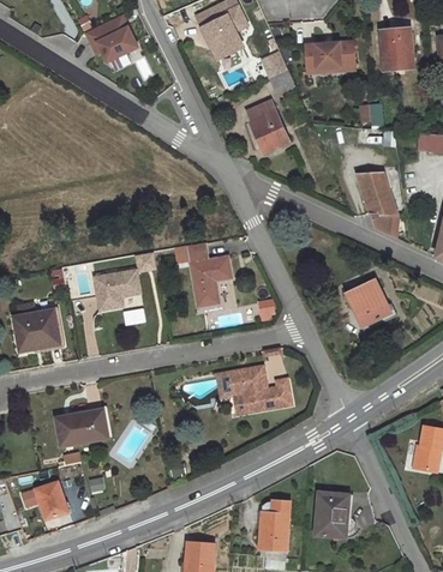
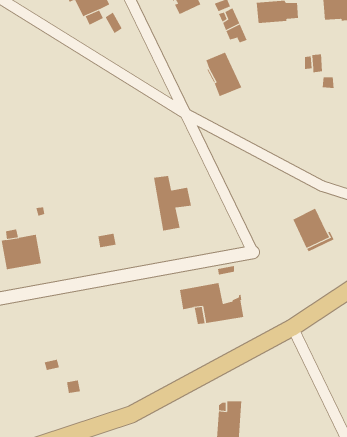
building: [357,171,399,234] -> none
building: [94,270,140,311] -> none
building: [56,409,108,445] -> none
building: [20,481,68,519] -> none
building: [315,490,355,536] -> none

